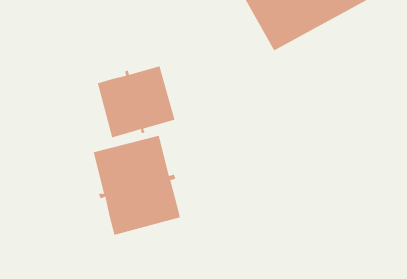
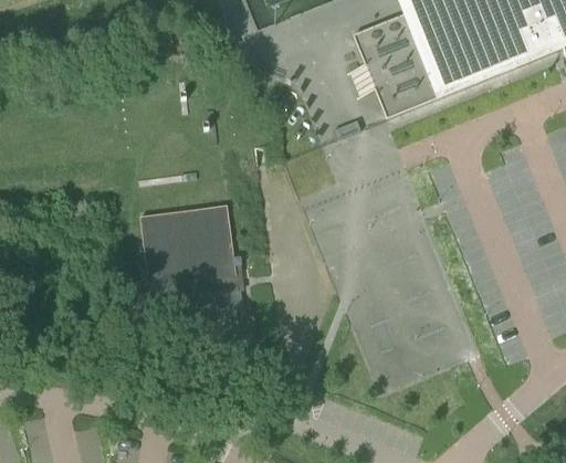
building: [97,66,175,138] -> none

